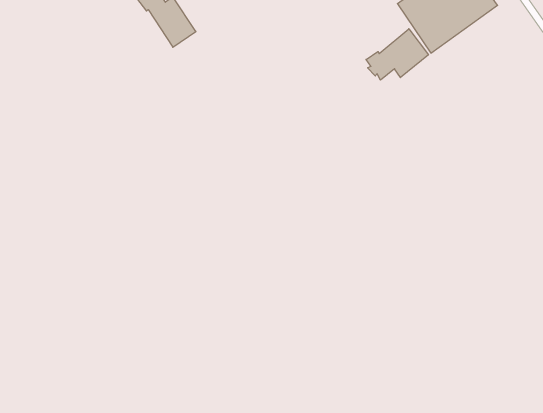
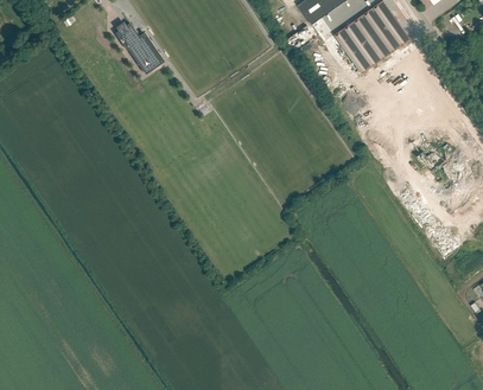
building: [366,29,428,80] -> none

